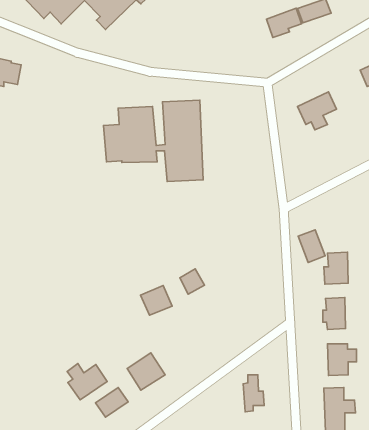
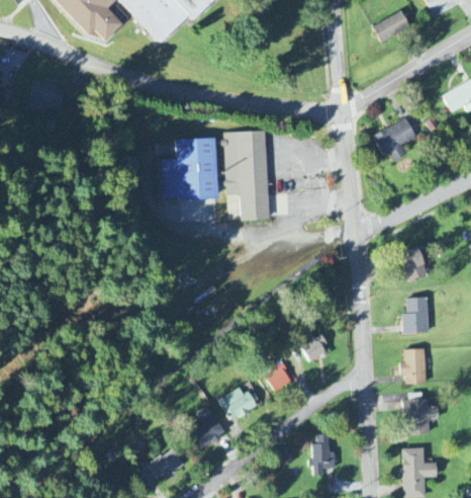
building: [266,8,301,38] -> none
building: [298,230,325,262] -> [398,245,429,281]
building: [180,269,204,294] -> [265,362,292,391]
building: none -> [301,333,328,361]
building: [140,285,172,315] -> [219,386,255,419]
building: [67,363,107,400] -> none

